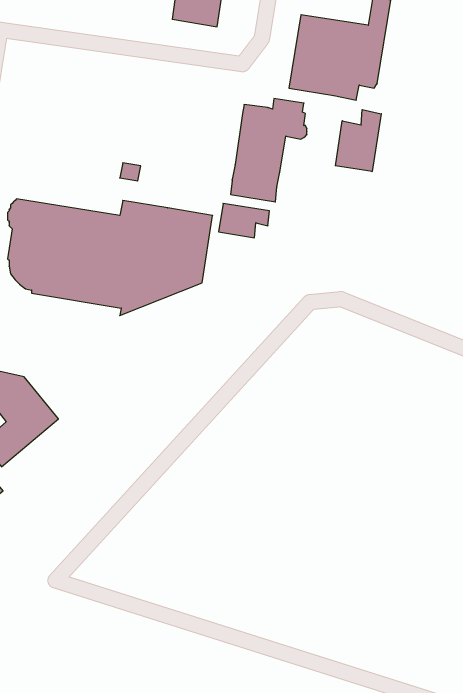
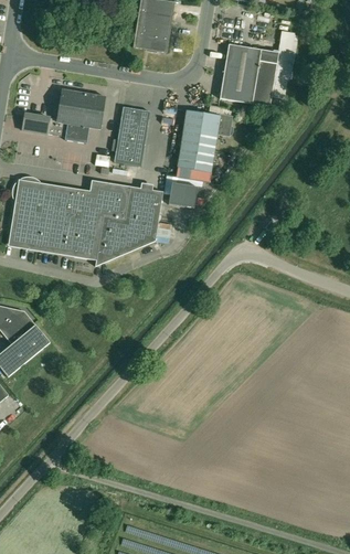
building: none -> [21,88,105,142]
building: none -> [113,106,149,166]
building: [335,110,381,172] -> none

